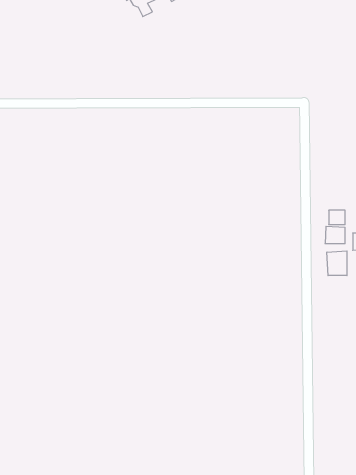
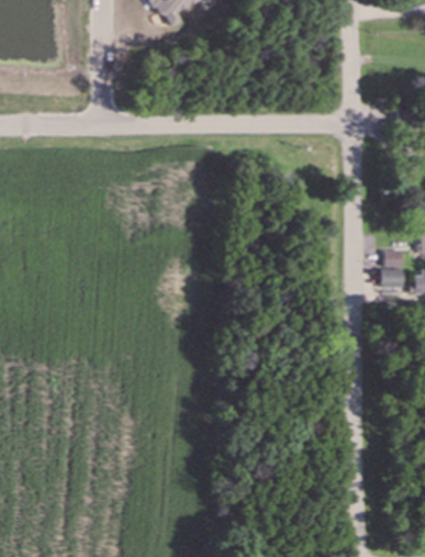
building: [327,251,347,276] -> none

